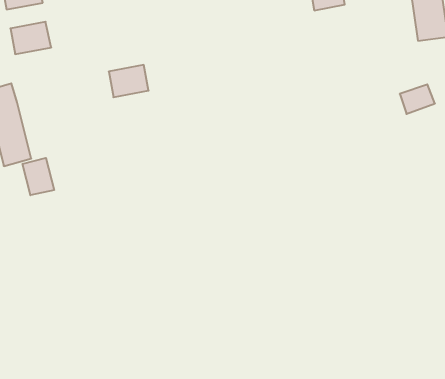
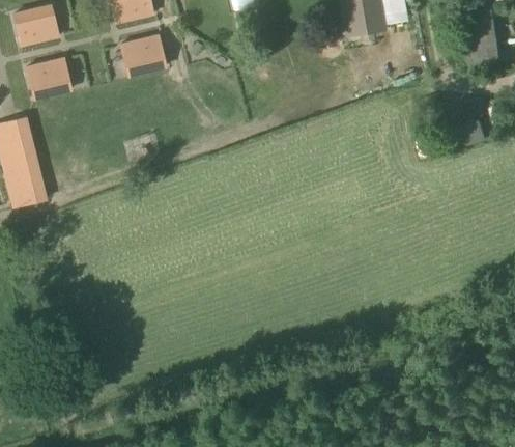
building: [109,65,149,97] -> [118,34,162,69]
building: [23,158,54,195] -> none

